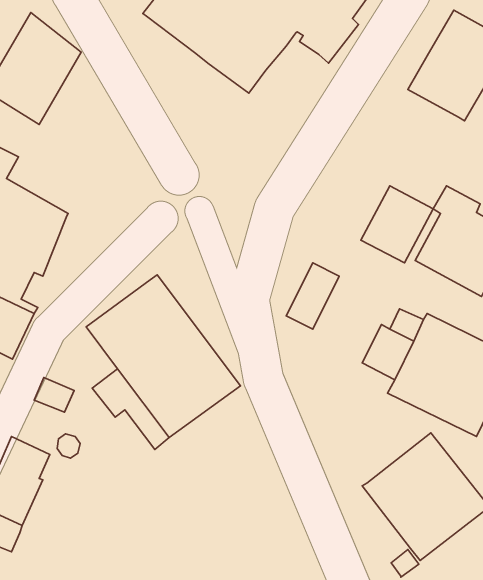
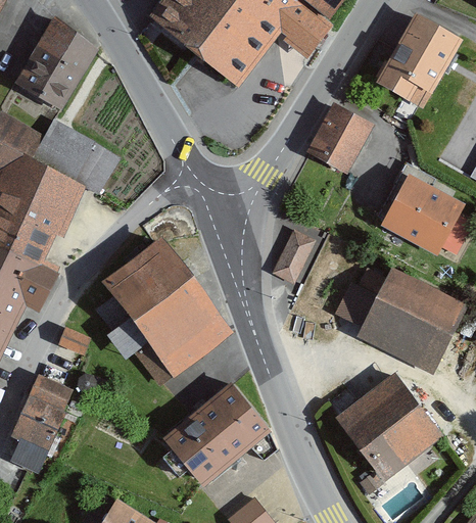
building: none -> [34,118,120,195]
building: [361,186,433,263] -> [311,104,372,170]
building: none -> [163,384,277,484]

